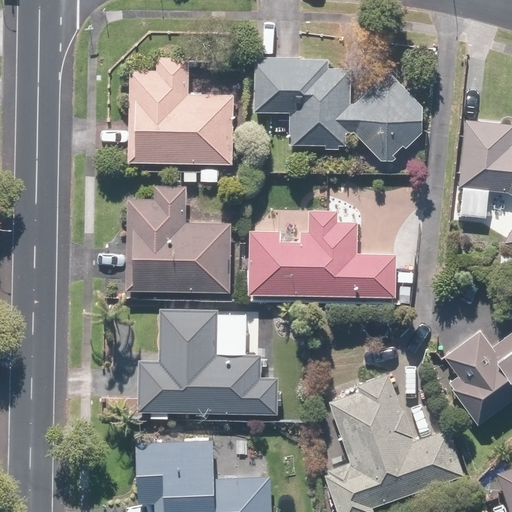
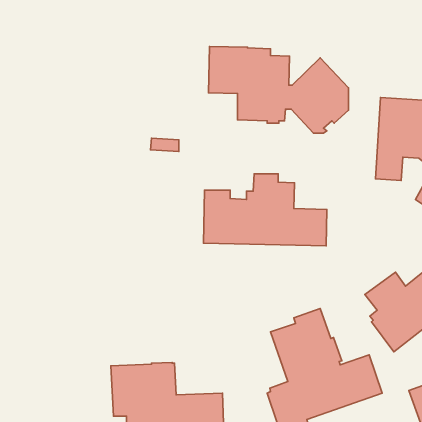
building: [127,57,233,166] -> none
building: [125,186,231,293] -> none
building: [137,309,281,415] -> none

